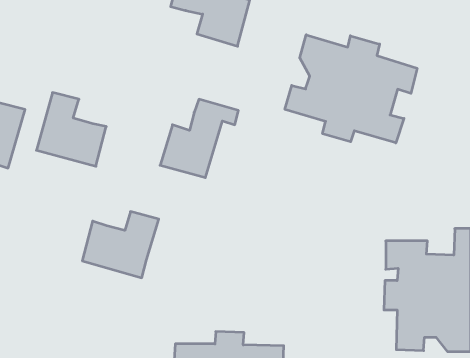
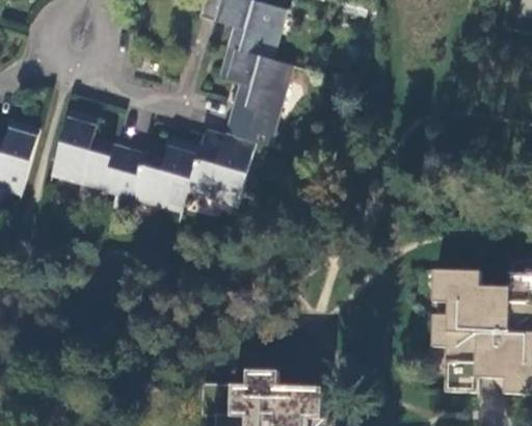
building: none -> [219,46,292,130]
building: [285,35,417,143] -> none
building: [82,212,159,278] -> [116,137,201,210]

